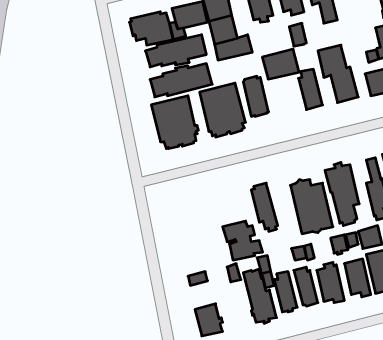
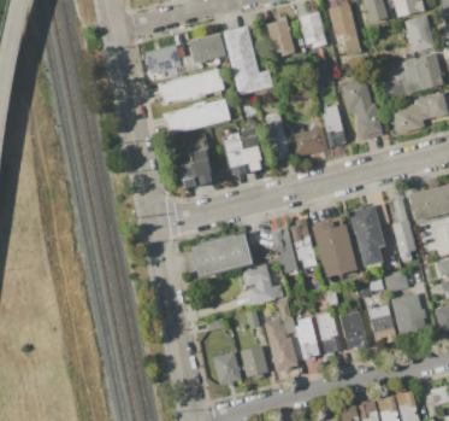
building: [262,49,299,79] -> [289,125,327,157]
building: none -> [289,224,317,270]
building: none -> [189,233,254,279]
building: none -> [240,345,267,380]

